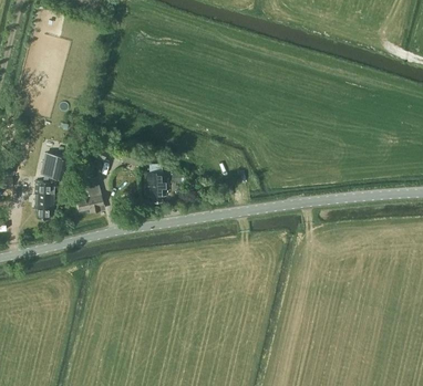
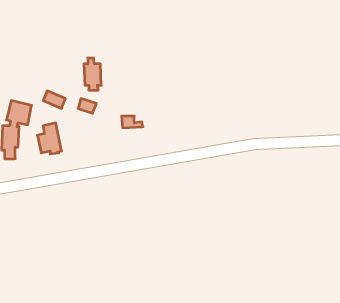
building: [145,165,165,201] -> [84,58,101,90]

